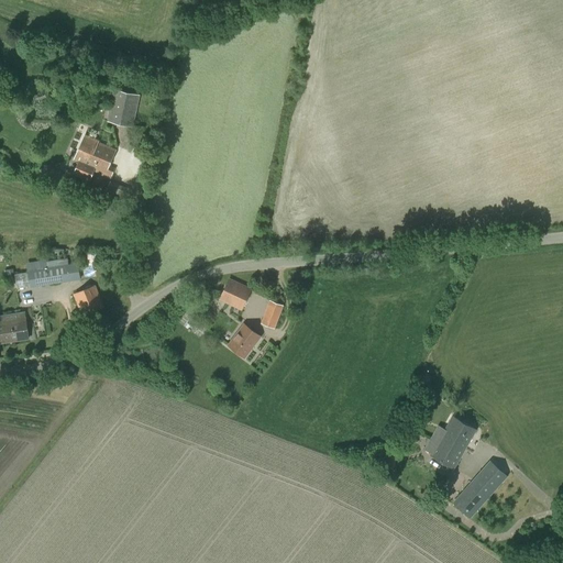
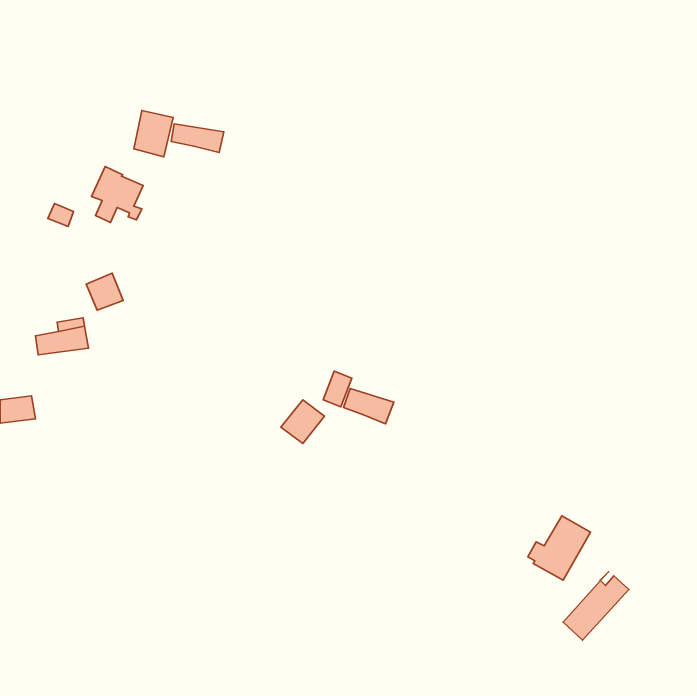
building: none -> [171,124,224,152]
building: [219,278,251,309] -> none
building: [74,285,103,314] -> [86,273,123,310]
building: none -> [344,388,394,424]

